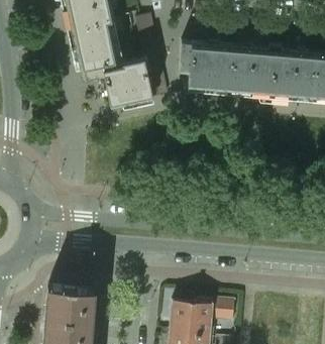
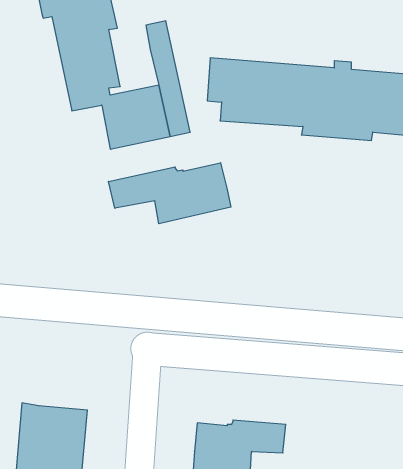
building: none -> [108,163,231,224]

